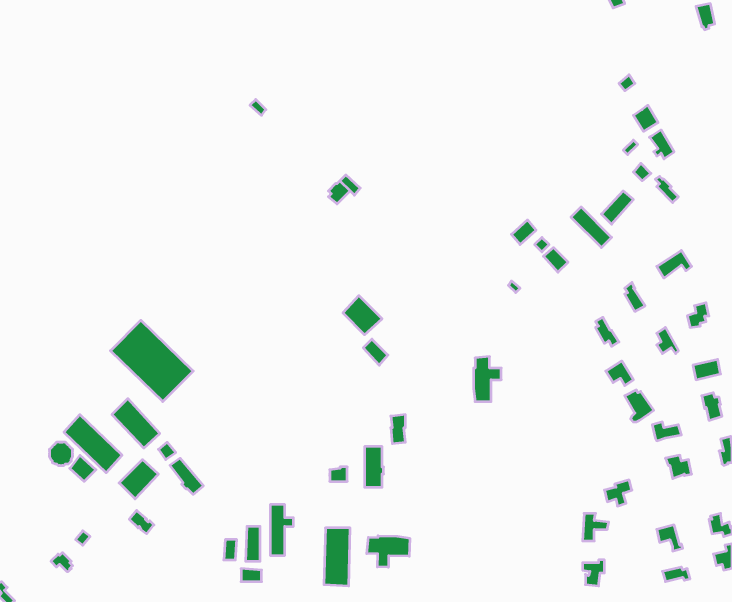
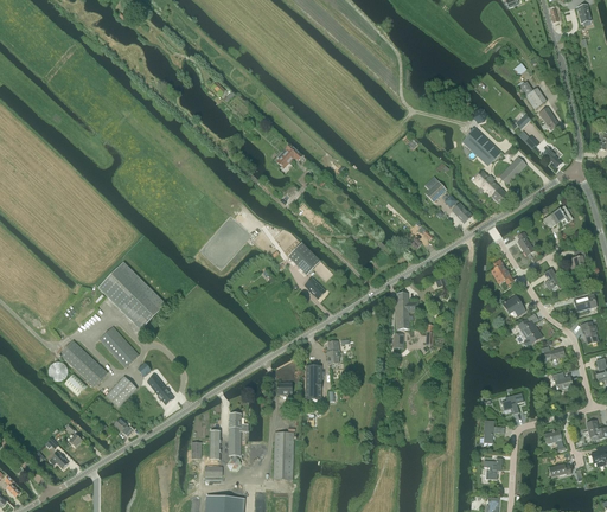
building: none -> [462,127,500,165]
building: [367,536,410,567] -> none

